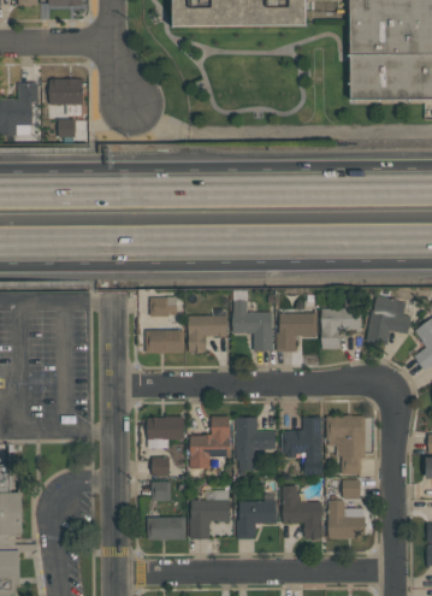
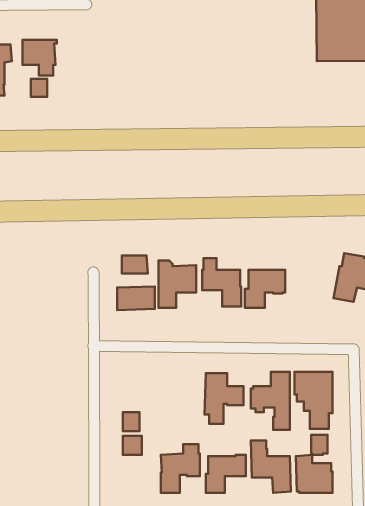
building: [321,308,360,348] -> none
building: [147,415,184,447] -> none
building: [189,415,229,467] -> none
building: [147,517,185,539] -> none

